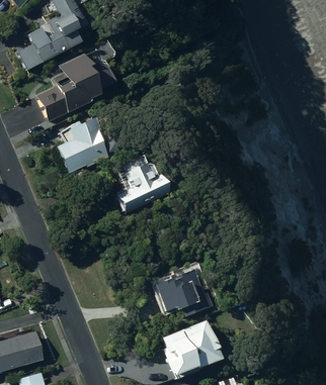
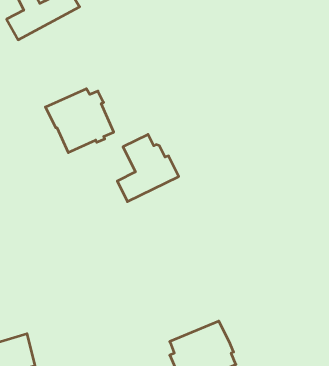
building: [35,51,112,121] -> none
building: [155,270,213,316] -> none

